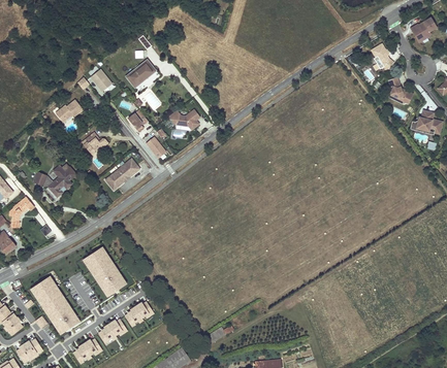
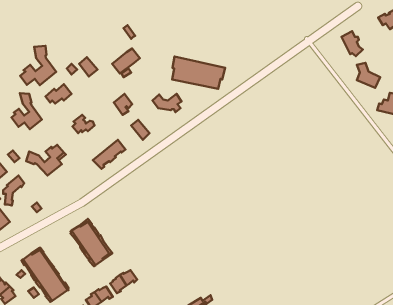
building: none -> [20,46,56,85]
building: none -> [172,57,225,89]
building: none -> [12,93,42,129]

